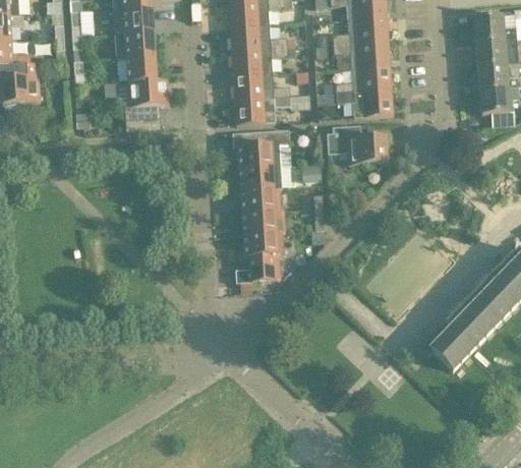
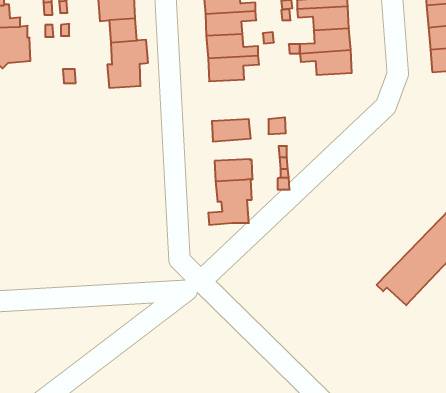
building: [327,125,388,169] -> none
building: [238,130,288,168] -> none
building: [240,187,282,212] -> none

